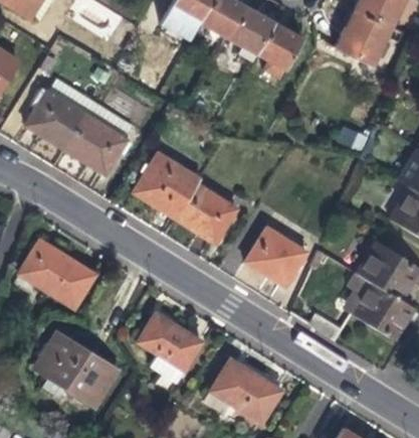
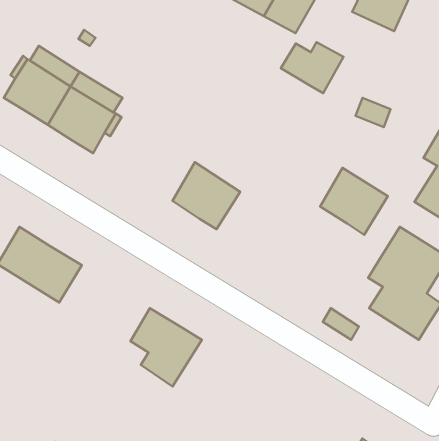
building: none -> [281,42,344,93]
building: [136,154,199,217] -> none
building: [246,228,306,287] -> [320,168,388,235]
building: [36,333,117,405] -> none
building: [210,358,281,423] -> none

